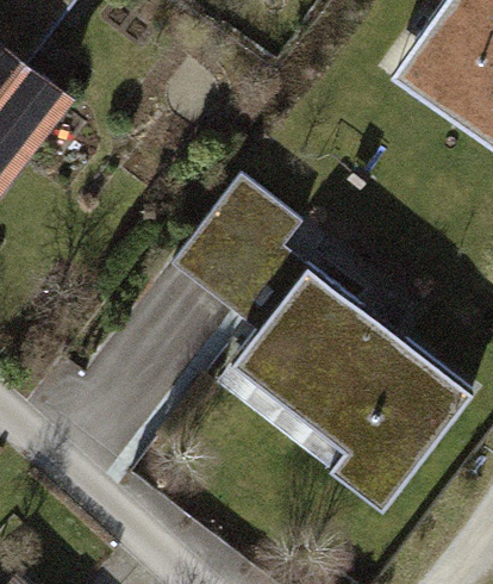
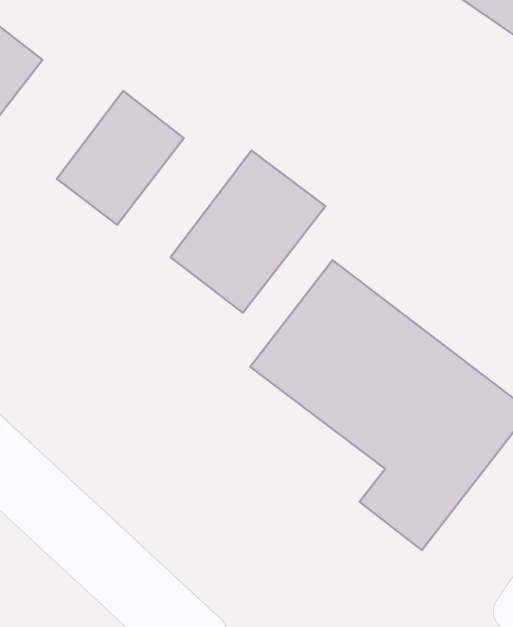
building: none -> [57,91,184,225]

